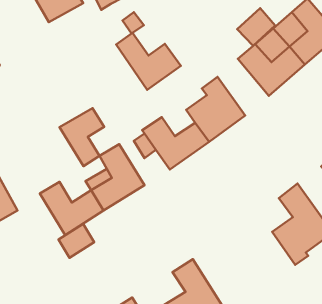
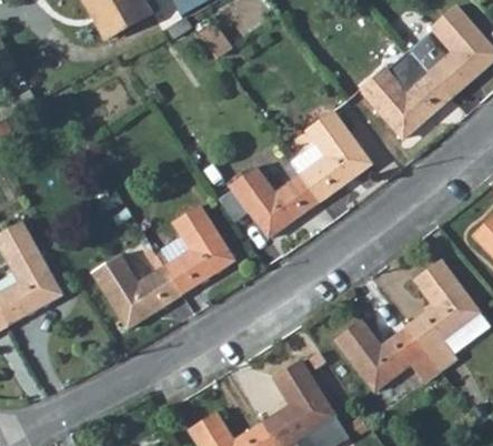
building: [237,8,275,46] -> none
building: [116,33,181,90] -> none
building: [60,108,104,166] -> none
building: [59,224,94,258] -> none
building: none -> [335,318,439,389]

